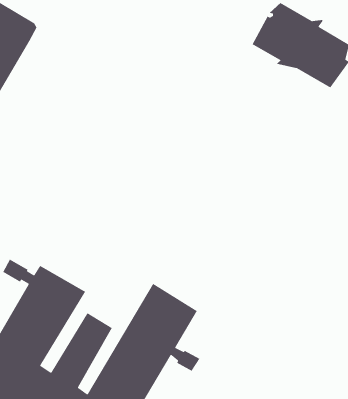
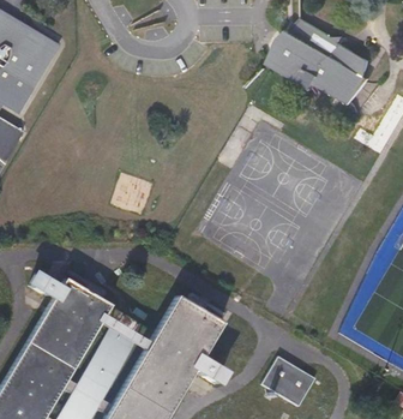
building: none -> [259,358,311,405]

